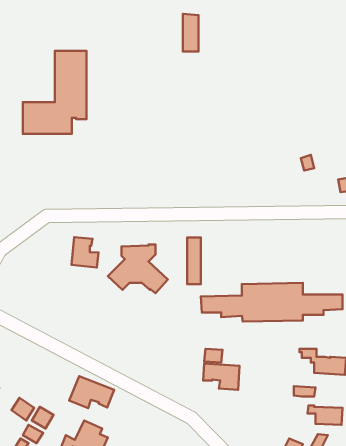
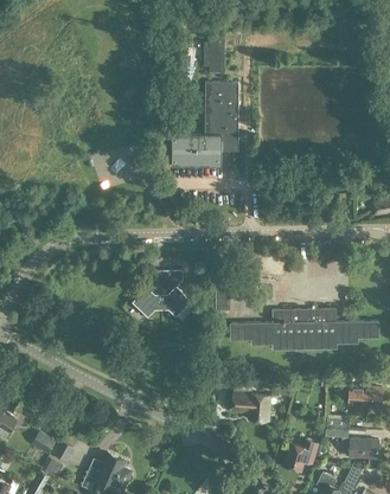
building: [23,51,86,134] -> [171,81,237,167]
building: [71,237,98,268] -> none
building: [69,376,114,408] -> none
building: none -> [282,440,318,470]

